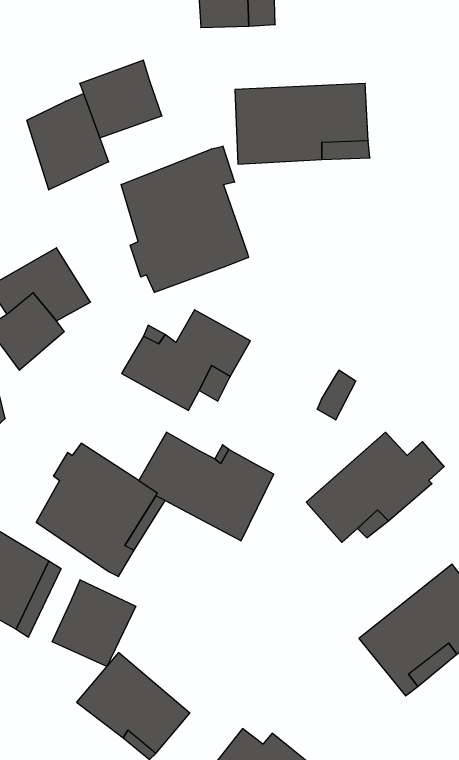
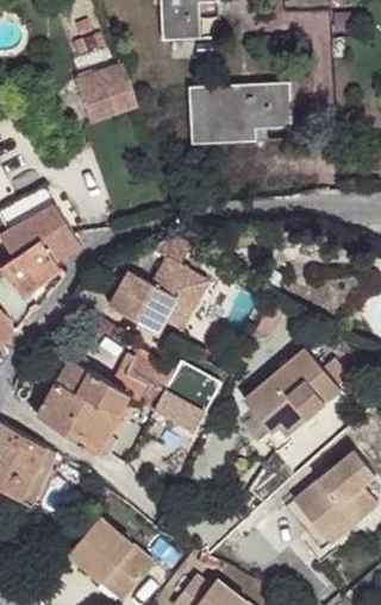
building: [27,93,109,190] -> none
building: [121,146,248,292] -> none
building: [52,580,136,667] -> none

